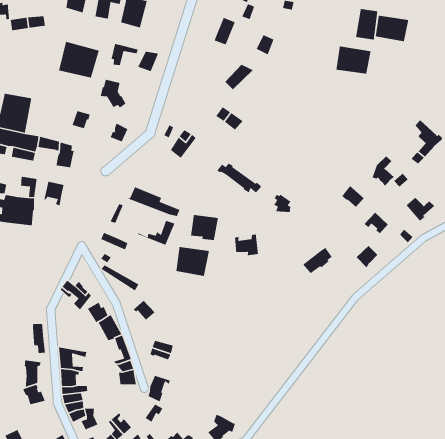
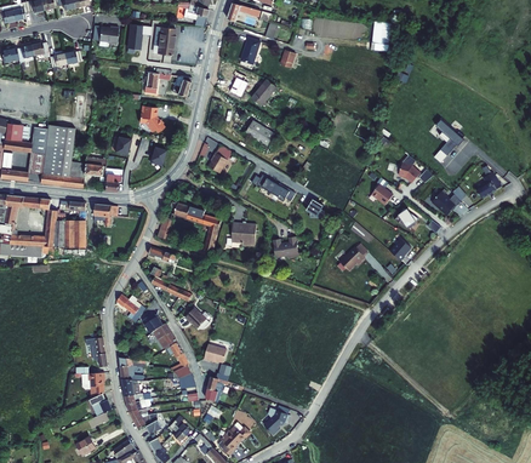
building: [375,15,409,42] -> none
building: [58,41,100,78] -> none
building: [335,45,371,74] -> none
building: [175,246,210,277] -> none

